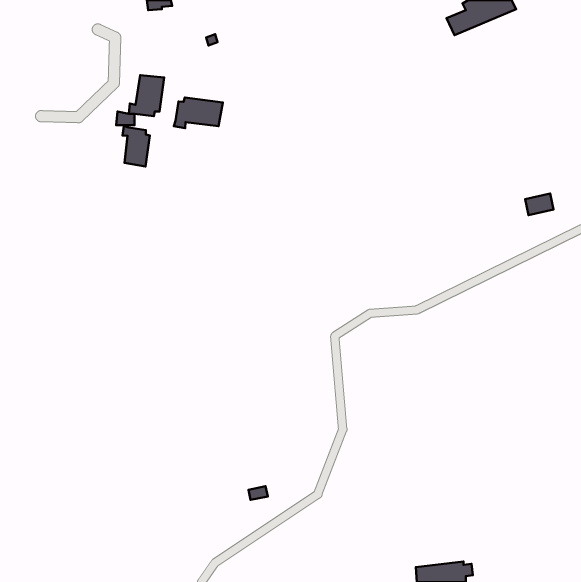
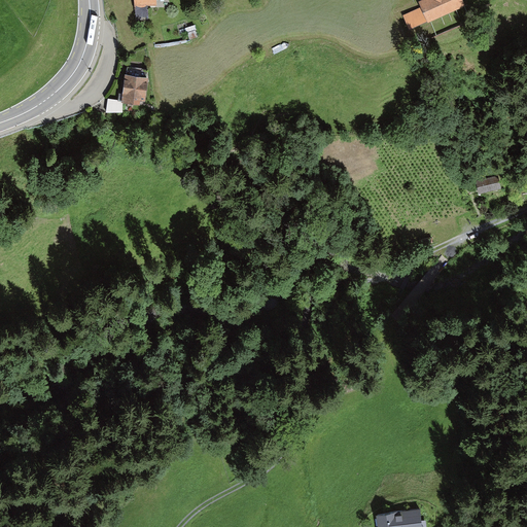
building: [174,97,223,128] -> none
building: [123,126,150,167] -> none

